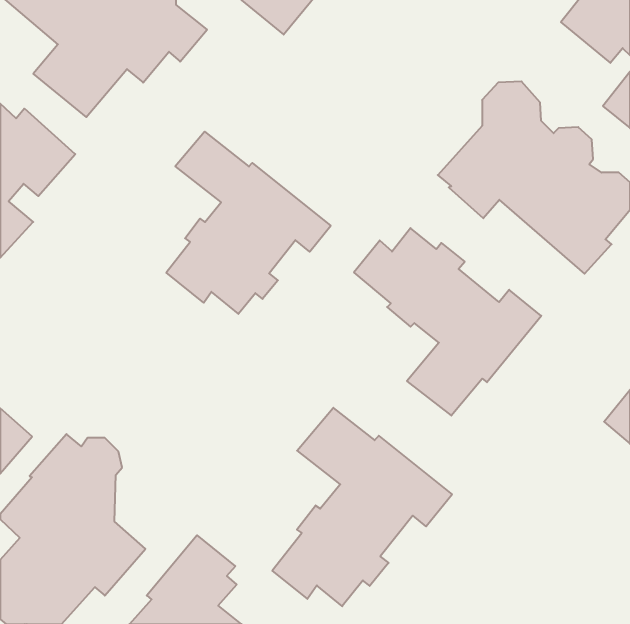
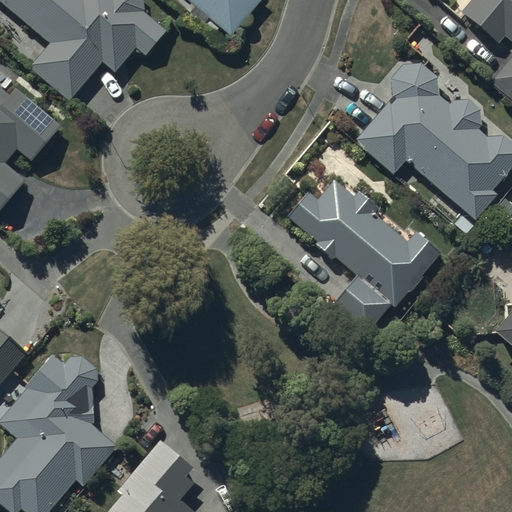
building: [166,132,331,314] -> none
building: [272,408,452,606] -> none

